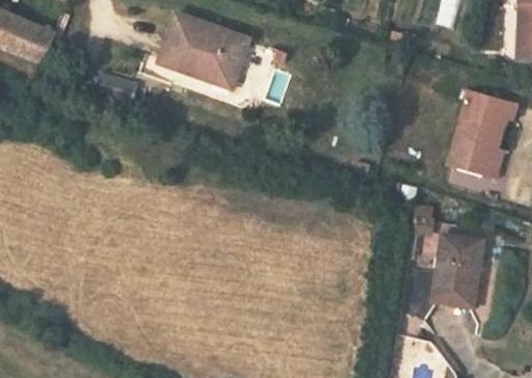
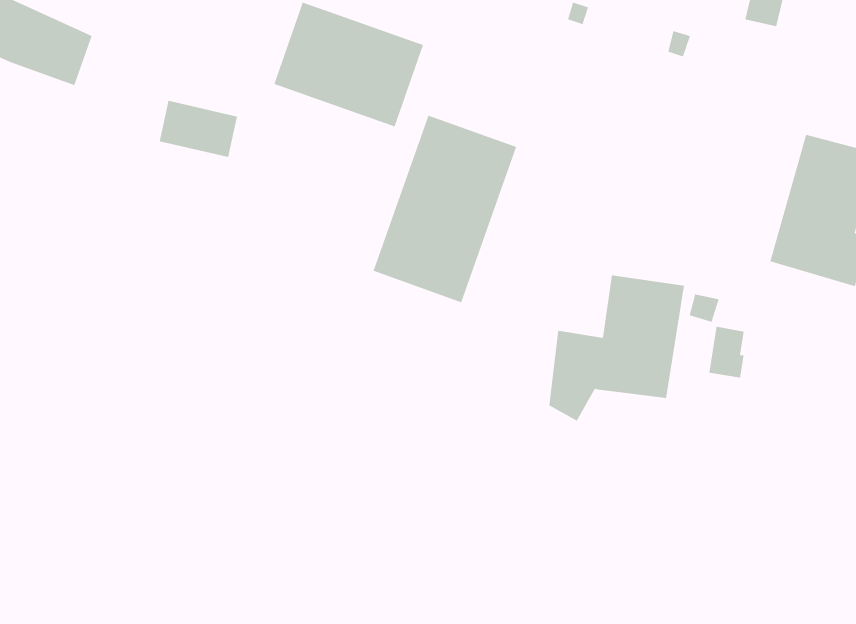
building: none -> [373,115,517,303]
building: [405,236,484,321] -> [549,275,685,422]

